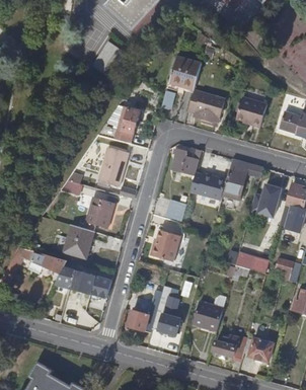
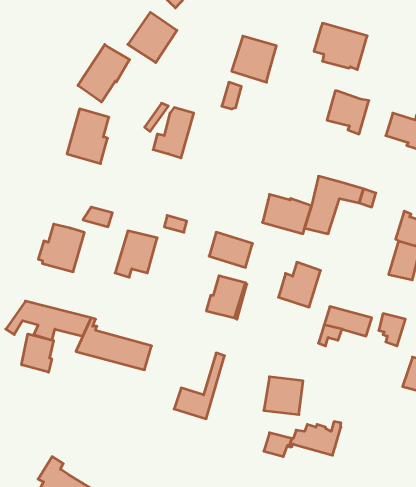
building: none -> [78,44,130,102]
building: [187,89,226,123] -> [314,23,367,70]
building: [95,146,126,185] -> [67,109,109,164]
building: [172,148,200,174] -> none
building: [248,185,279,218] -> [278,262,321,307]
building: [61,224,94,258] -> [38,224,84,272]
building: none -> [22,334,54,372]
building: [151,287,180,335] -> none
building: [243,337,273,361] -> none

